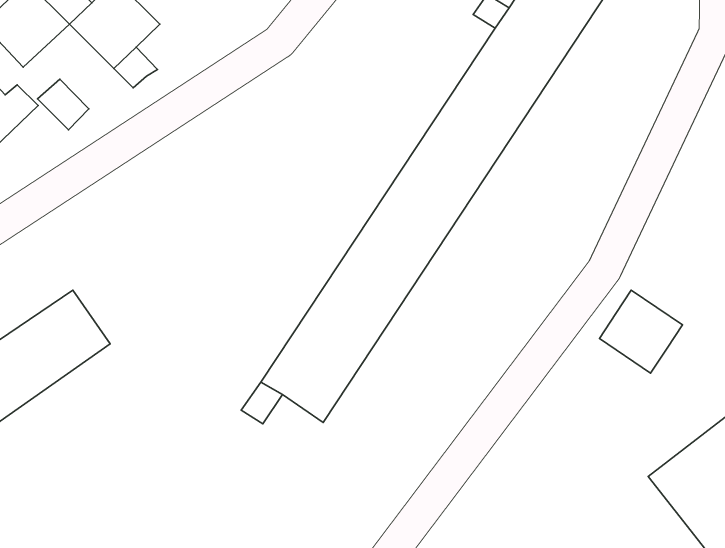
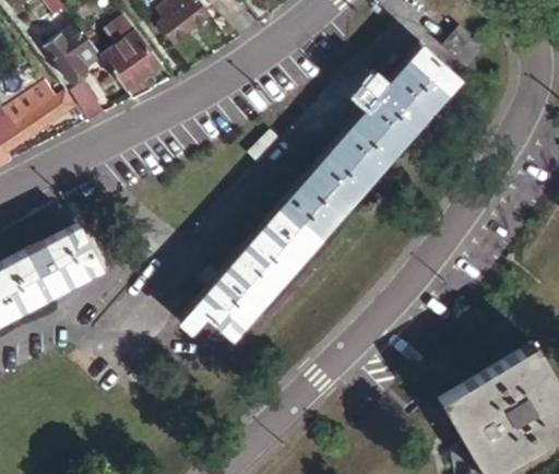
building: [599,290,682,373] -> none

